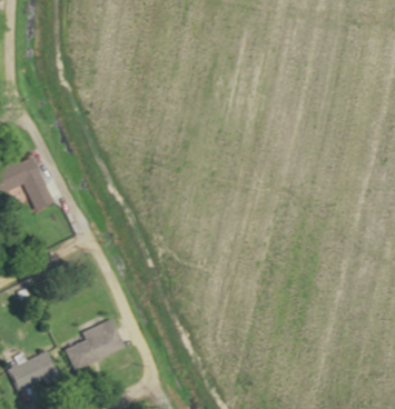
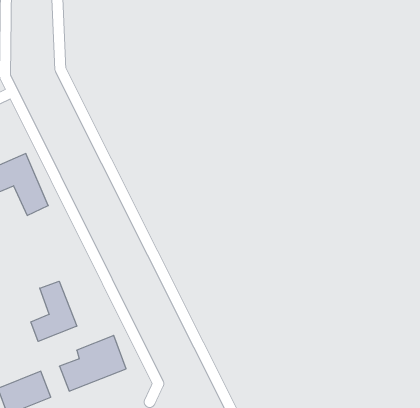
building: none -> [31,281,77,341]

